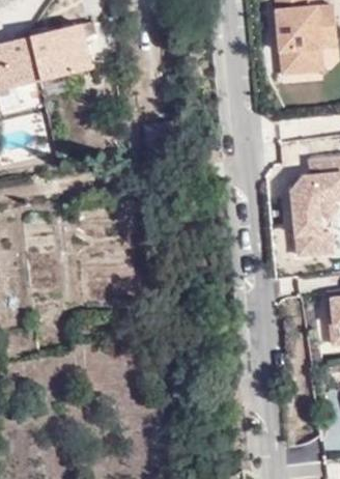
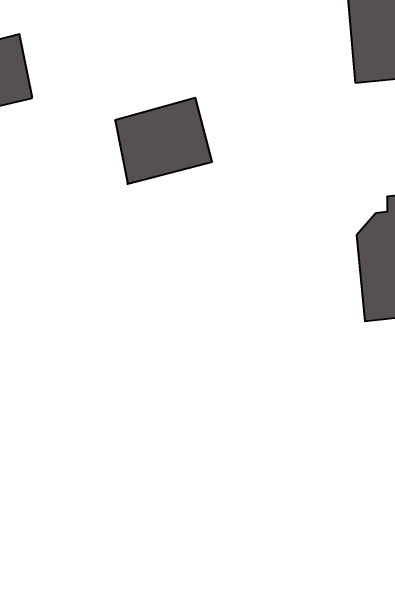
building: [30,21,103,85] -> [115,98,212,184]

